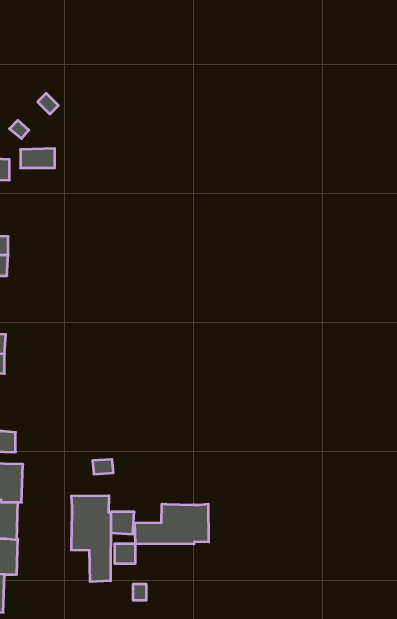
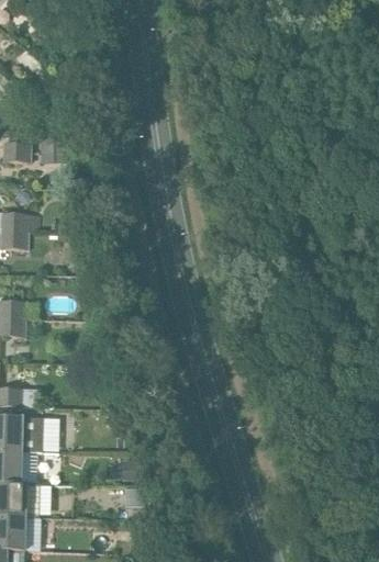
building: [71,496,111,582] -> none
building: [135,504,209,544] -> none

